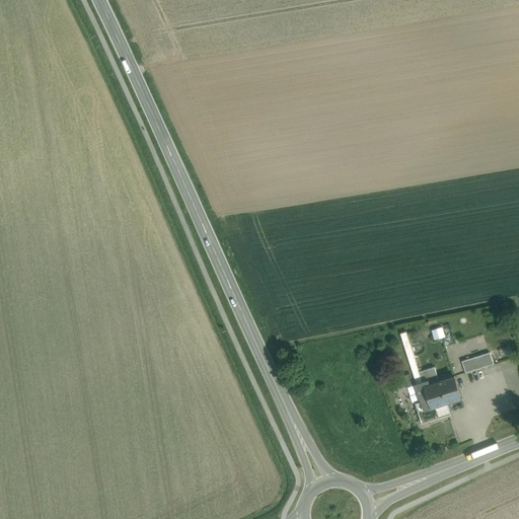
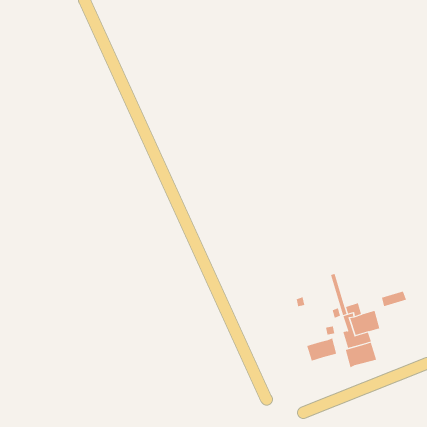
building: none -> [306,338,337,362]
building: none -> [345,342,377,368]

